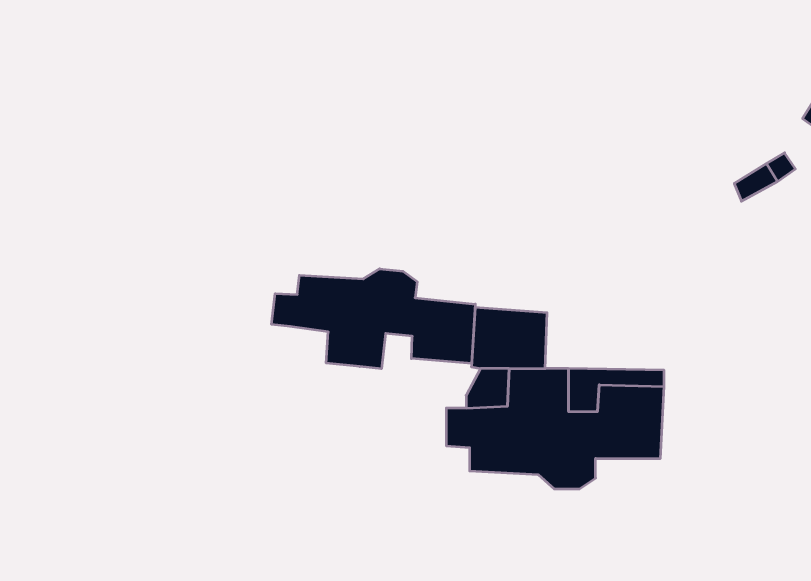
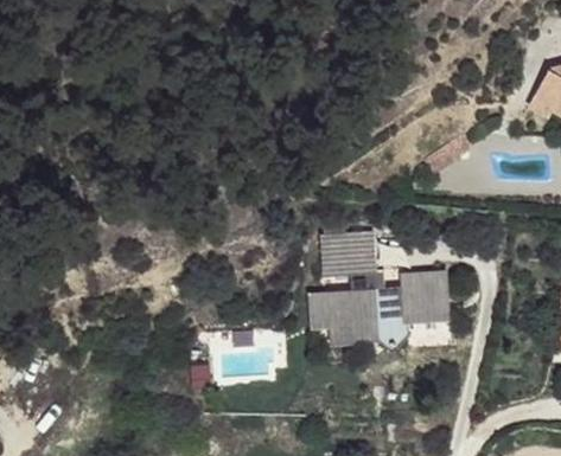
building: [272,269,475,369] -> none

